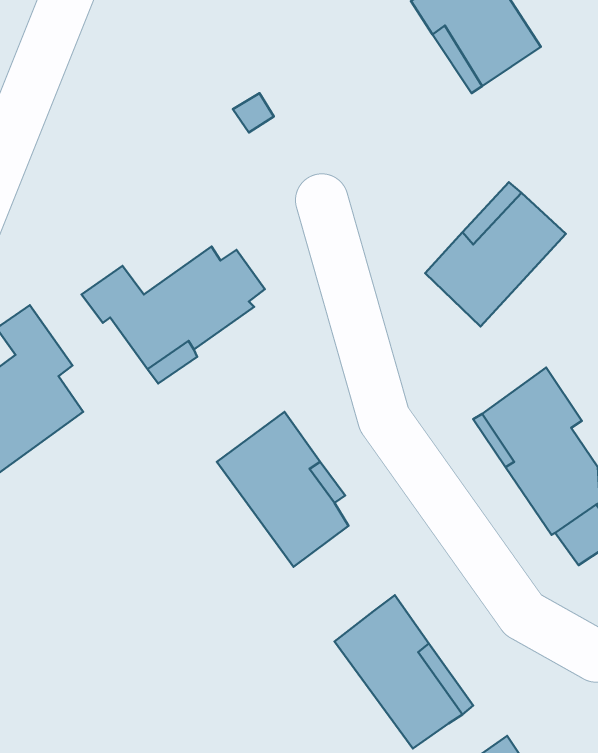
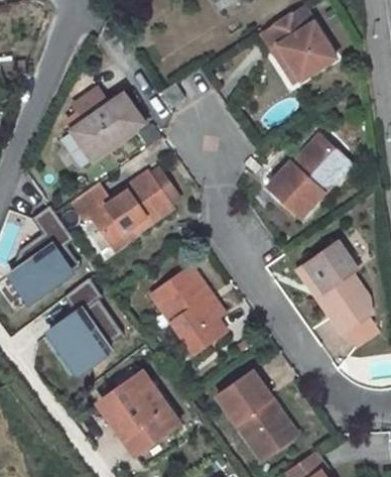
building: none -> [69,90,139,161]
building: none -> [46,276,122,367]
building: none -> [102,376,176,448]

